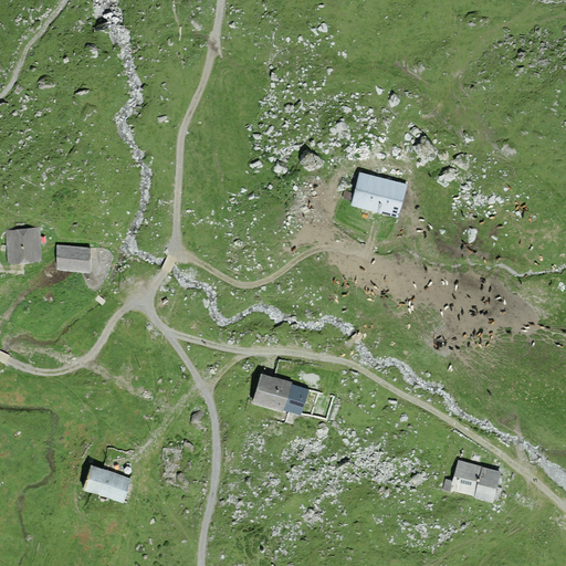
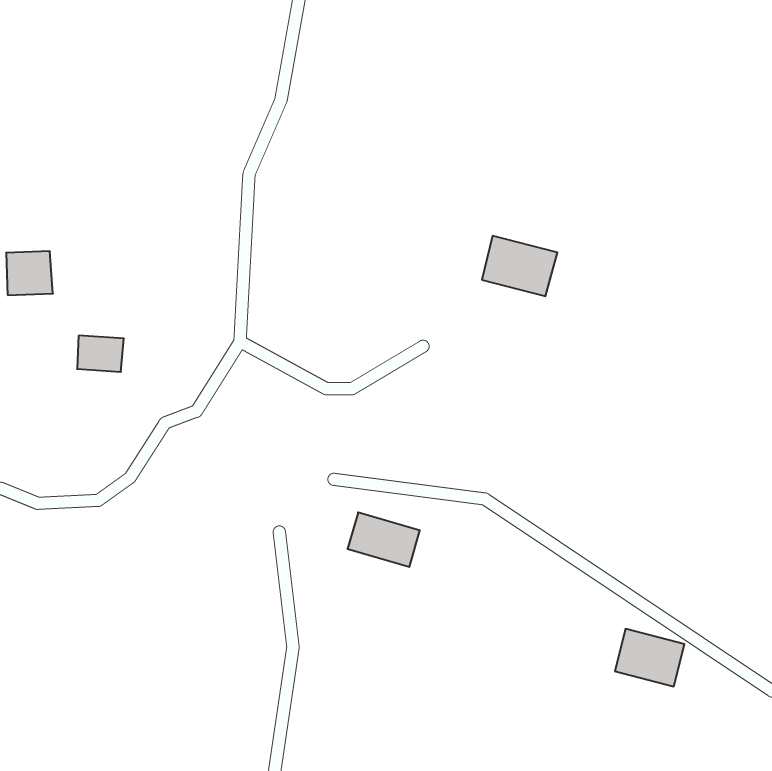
building: [6,229,40,261] -> [6,251,53,295]
building: [84,464,132,502] -> none

